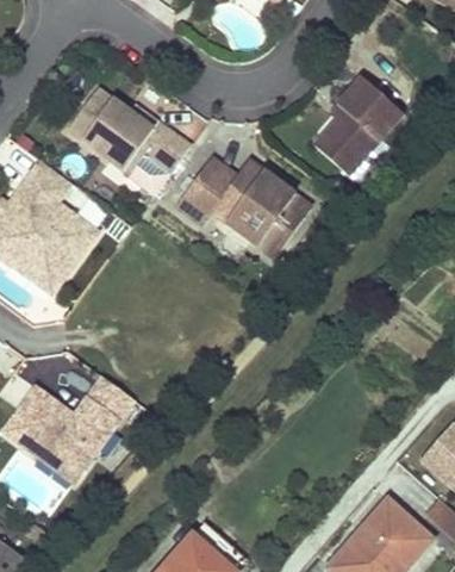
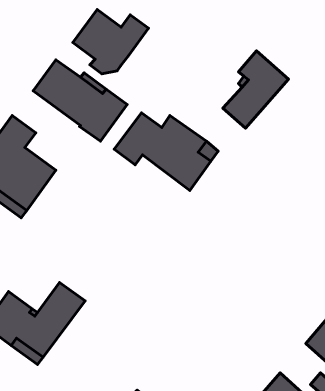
building: none -> [73,9,149,74]

